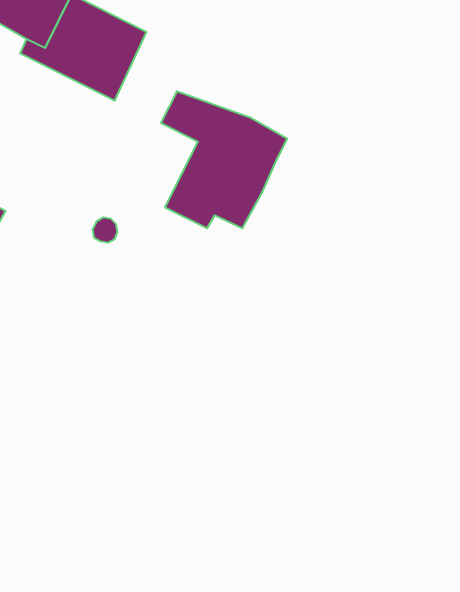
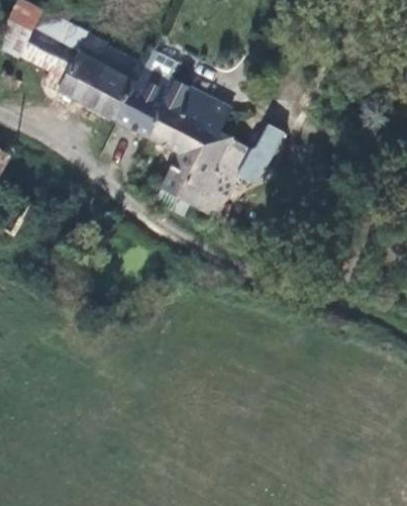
building: none -> [117,47,232,136]
building: none -> [240,115,286,172]

